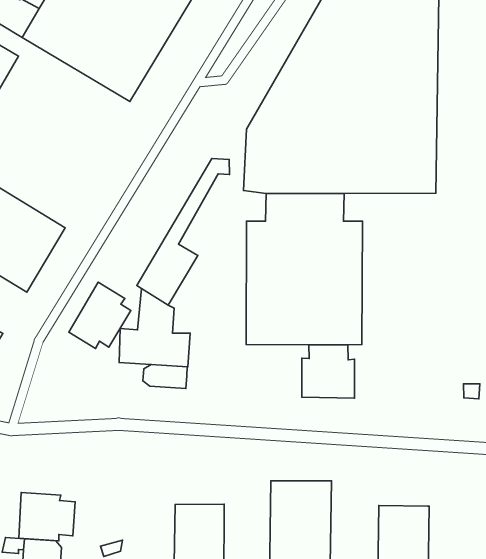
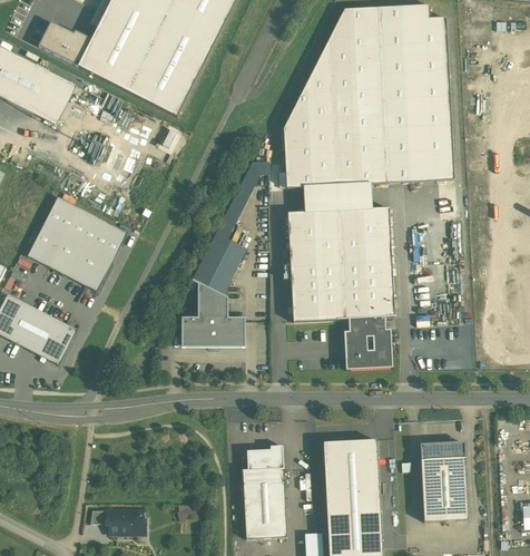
building: [69,282,131,348] -> none
building: [143,365,187,388] -> none
building: none -> [238,443,283,469]
building: none -> [419,440,464,458]
building: [19,493,75,541] -> none

